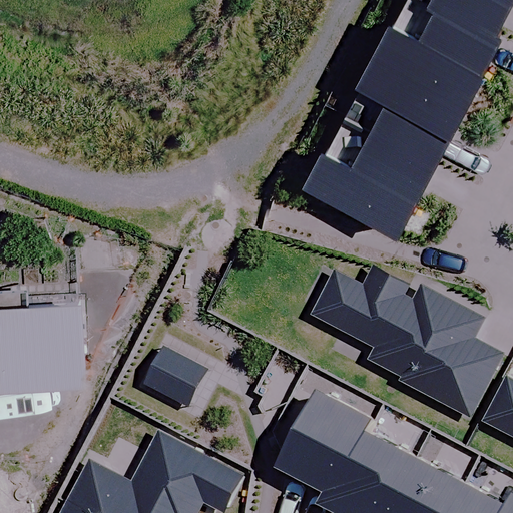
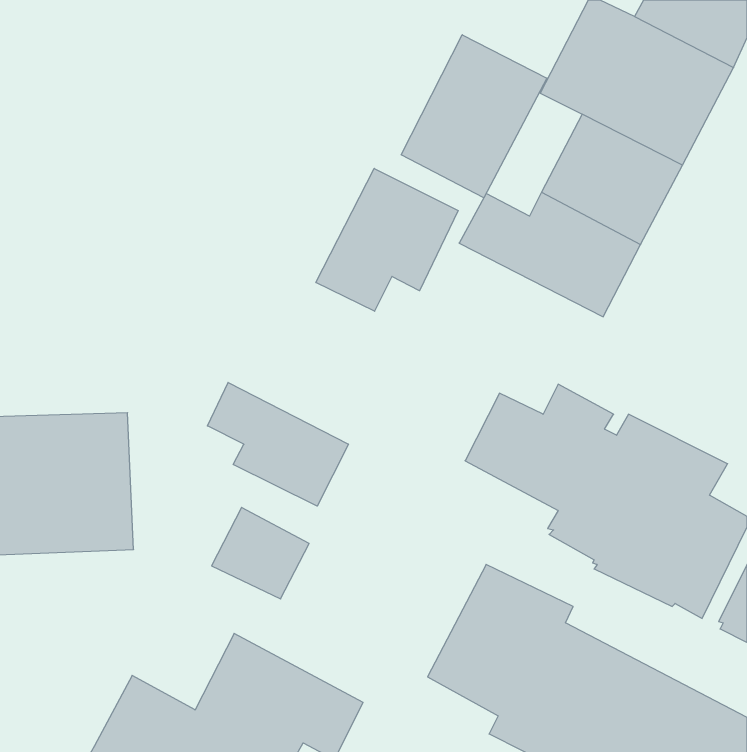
building: none -> [401,35,547,198]
building: none -> [316,168,458,311]
building: none -> [207,382,348,506]

